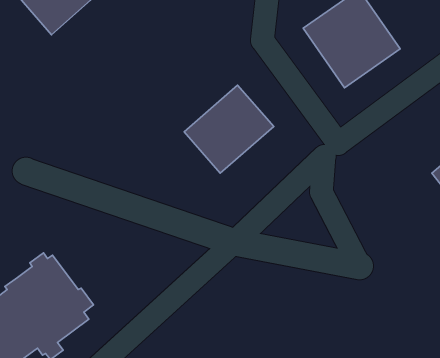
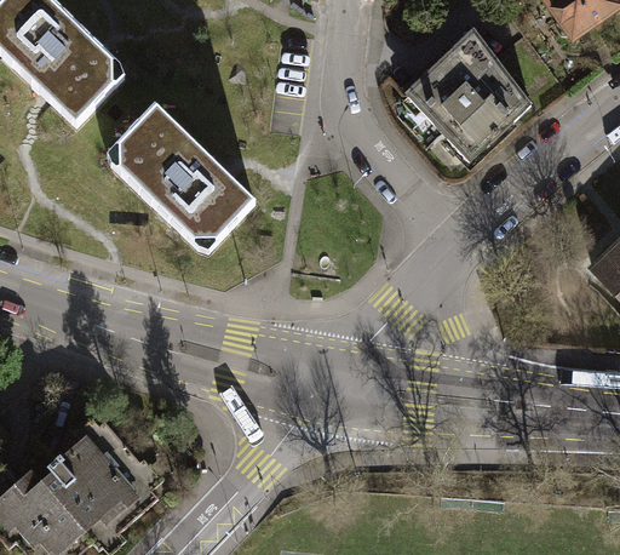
building: none -> [107,102,254,246]
building: [184,85,274,173] -> none

